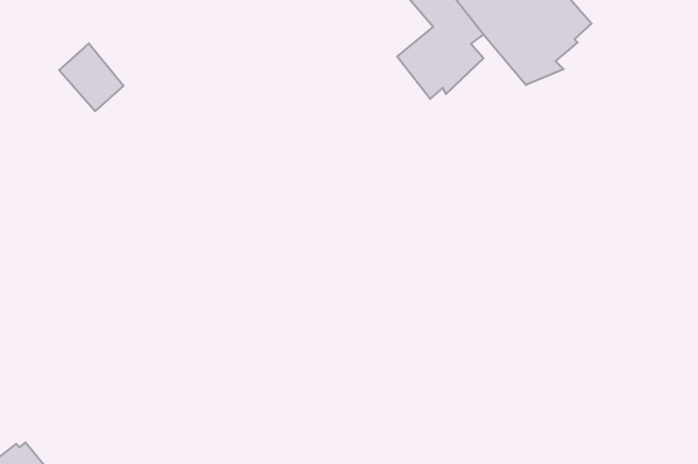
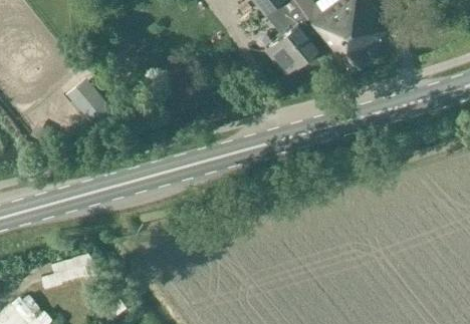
building: [59,44,123,111] -> [70,81,111,124]

